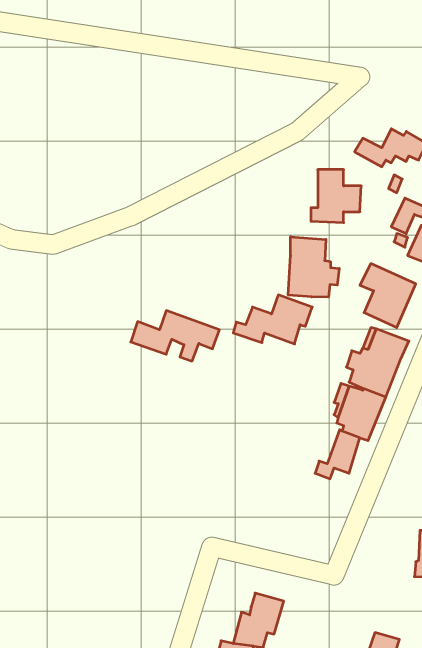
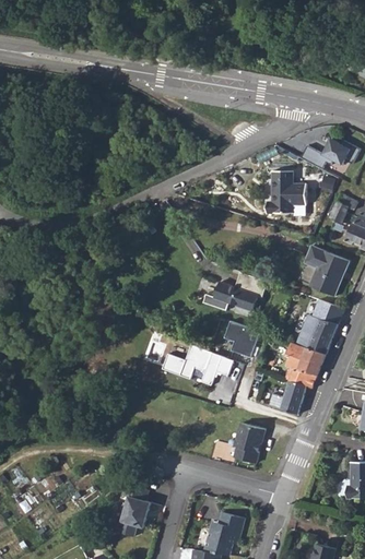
building: [288,237,339,297] -> none
building: [131,311,219,361] -> [163,346,234,386]
building: none -> [225,320,260,357]
building: none -> [234,423,263,462]
building: none -> [118,484,150,535]

